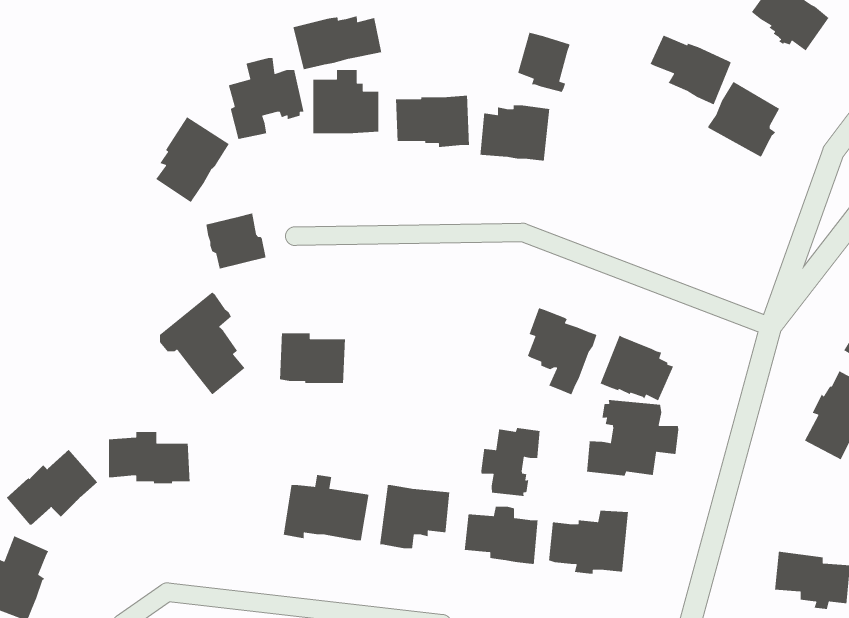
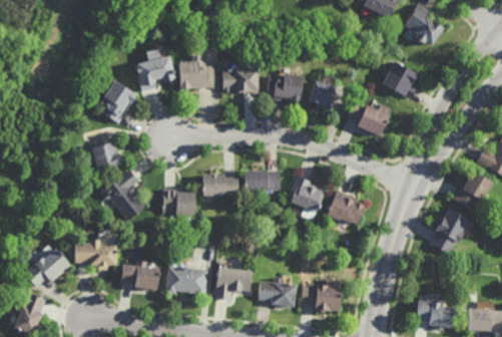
building: [293,15,382,70] -> none
building: [517,32,570,93] -> [308,78,335,109]
building: [649,35,732,105] -> [347,99,389,135]
building: [206,213,266,270] -> [92,140,123,170]
building: none -> [245,168,281,196]
building: none -> [203,174,239,198]
building: [586,399,679,477] -> none
building: [481,427,541,497] -> none
building: none -> [121,261,161,290]

